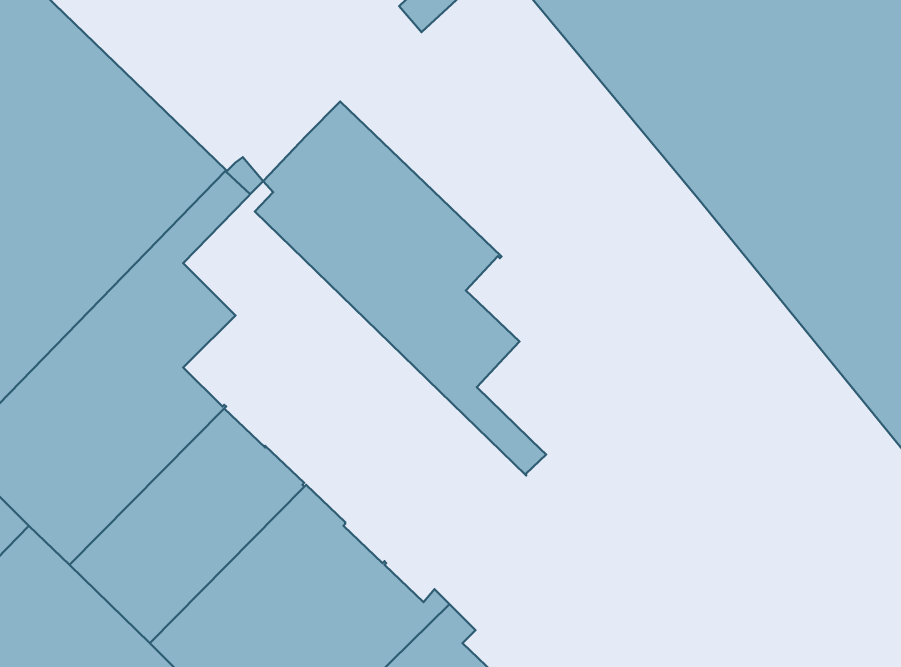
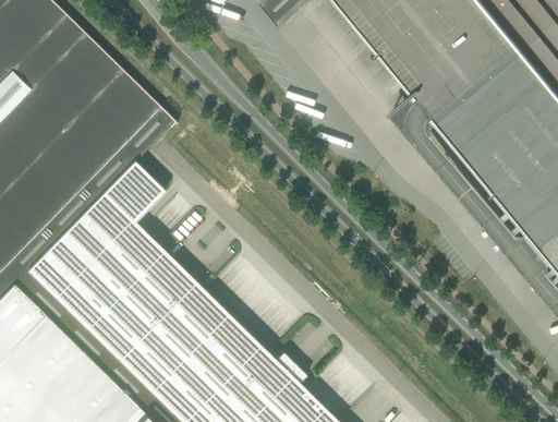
building: [255,102,546,476] -> none

